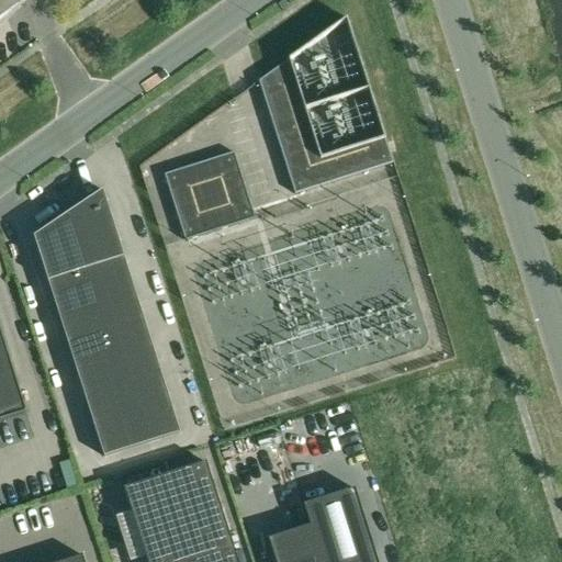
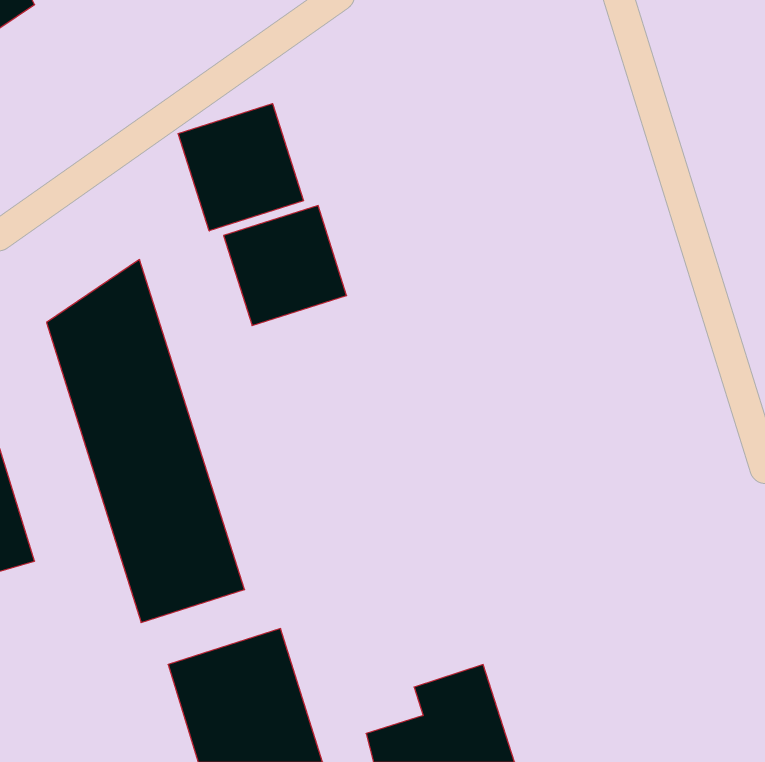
building: [258,16,392,192] -> none
building: none -> [178,104,303,231]

